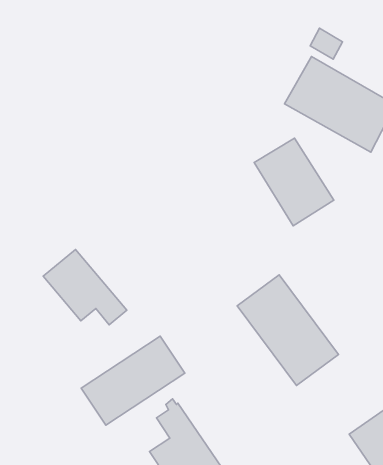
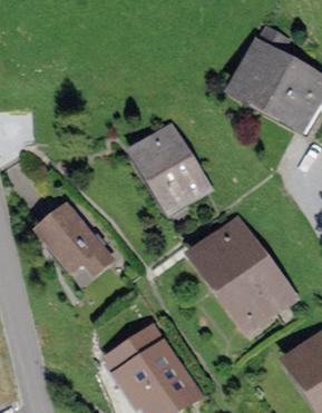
building: [254,138,334,226] -> [135,135,201,207]
building: [81,336,185,425] -> none

